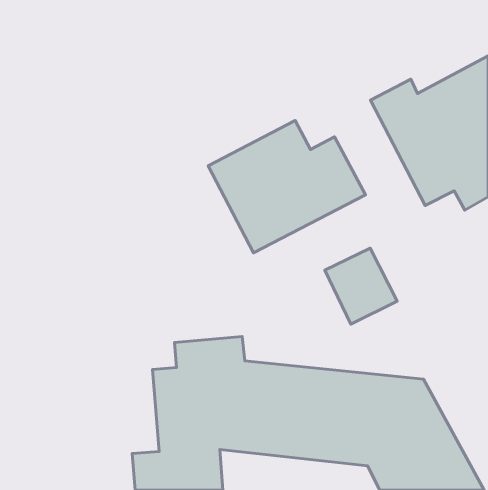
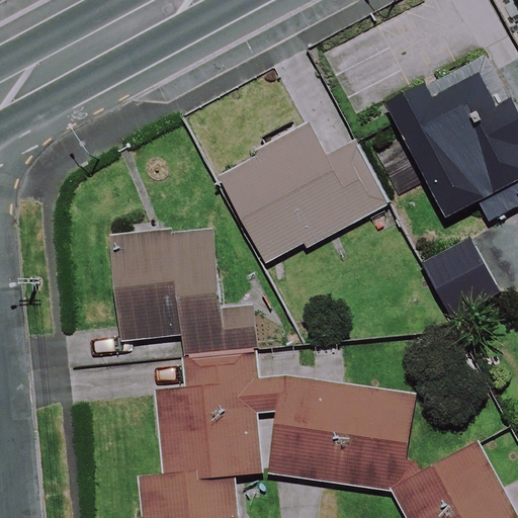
building: none -> [112,226,261,359]
building: [325,248,397,324] -> [423,238,499,318]

